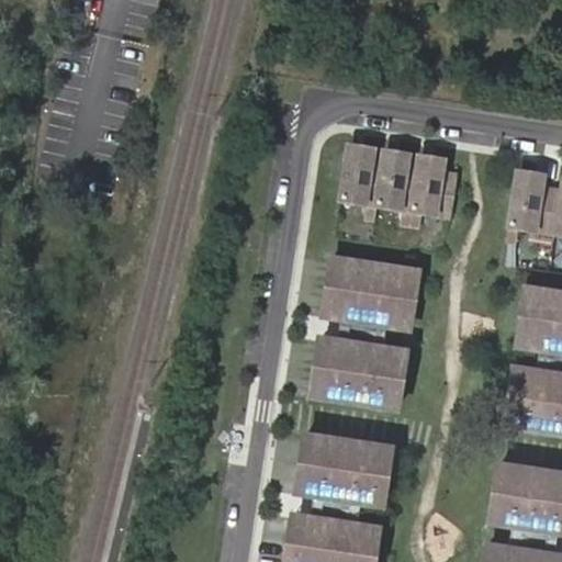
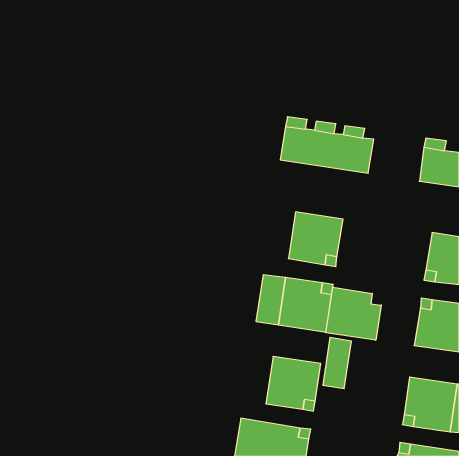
building: [325,255,361,316] -> none
building: none -> [326,287,381,340]
building: [299,431,334,494] -> [323,337,351,389]

